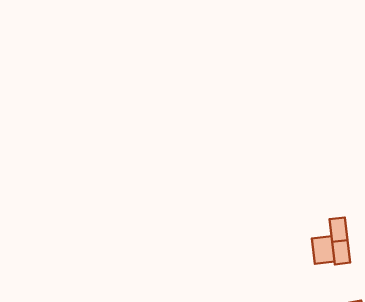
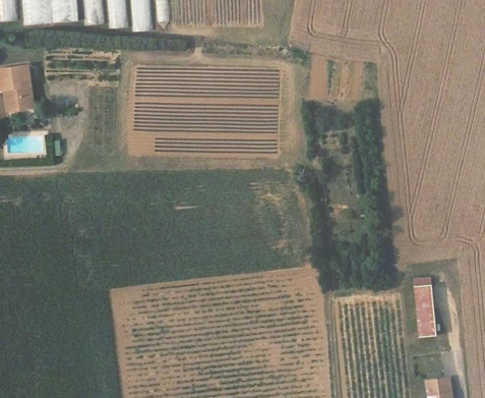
building: [312,236,335,264] -> none

